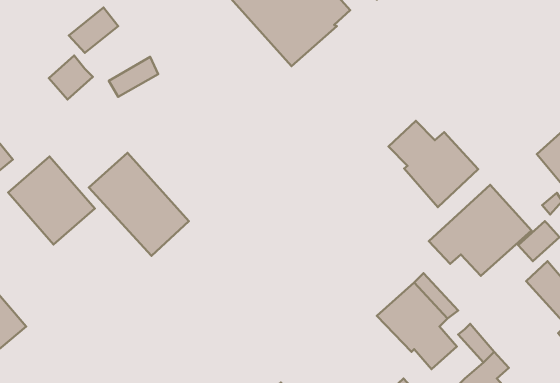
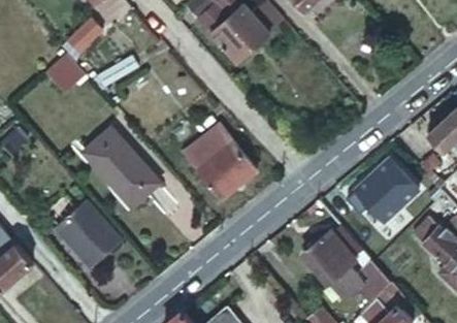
building: [388,121,478,207] -> none
building: none -> [184,124,256,199]
building: [8,156,95,244] -> [61,208,128,277]

